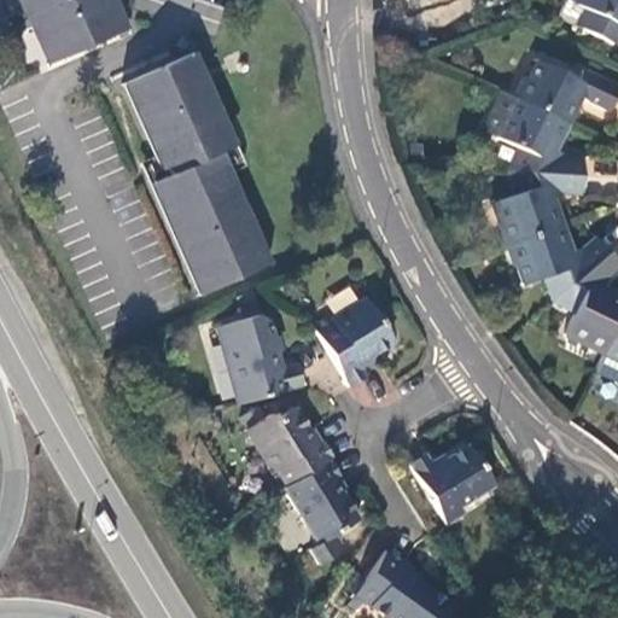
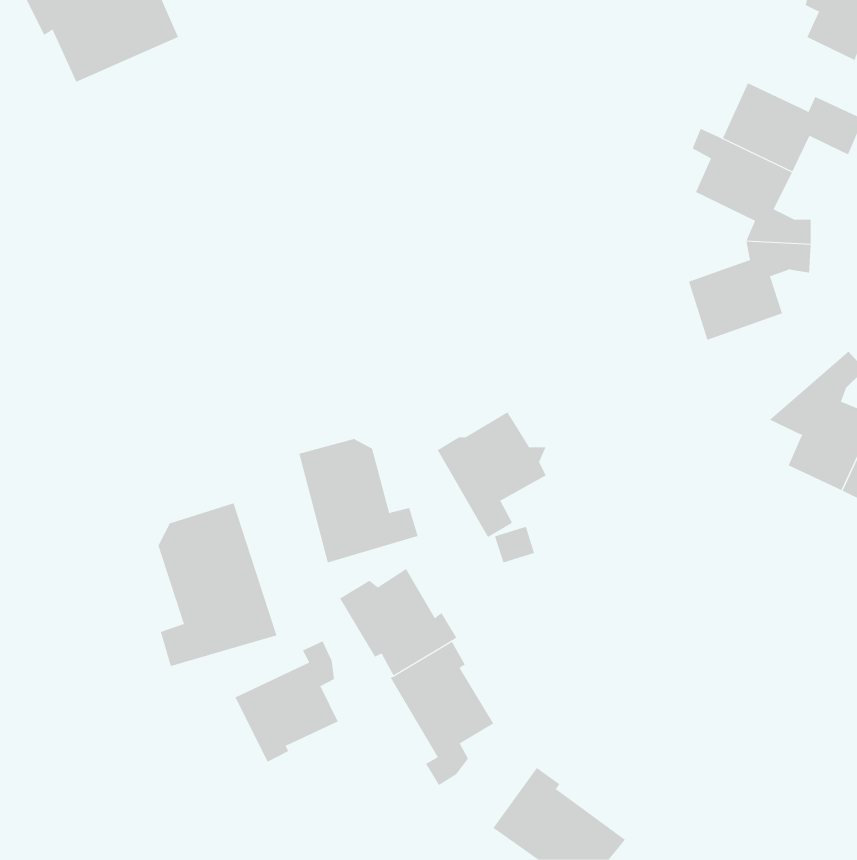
building: [129,53,270,293] -> none
building: [509,225,611,301] -> none
building: none -> [158,502,277,667]
building: [410,443,492,523] -> none
building: none -> [235,641,339,762]

